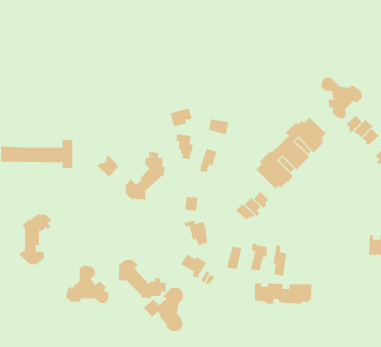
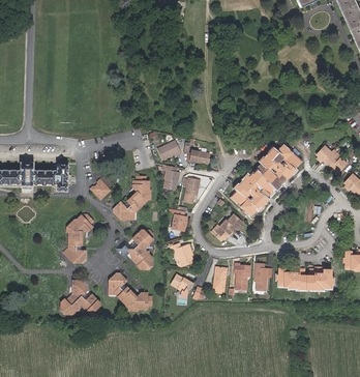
building: [321,77,363,119] -> none
building: [19,213,52,265] -> [64,214,95,262]
building: [254,283,313,304] -> [272,270,326,290]
building: [143,288,184,331] -> [117,229,154,269]

